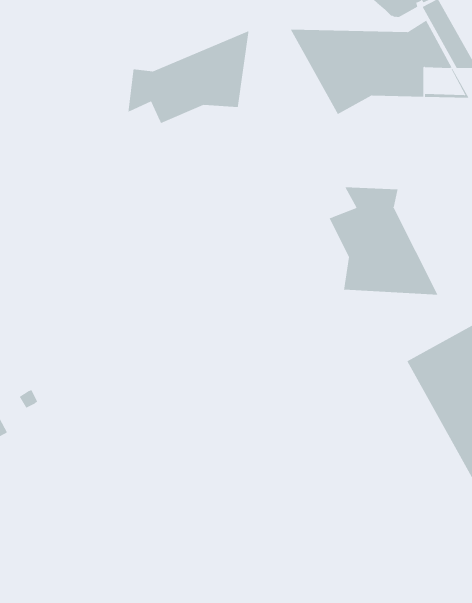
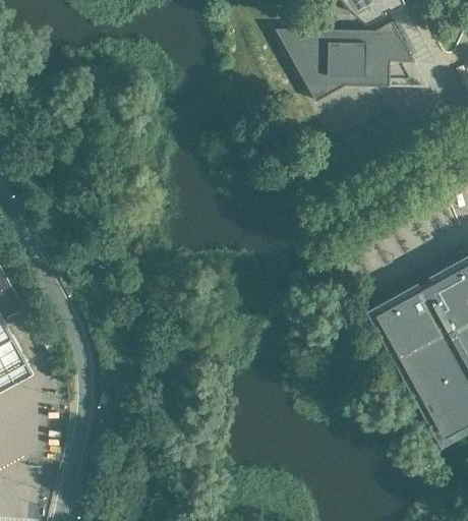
building: [128,30,249,124] -> none
building: [329,186,438,295] -> none

